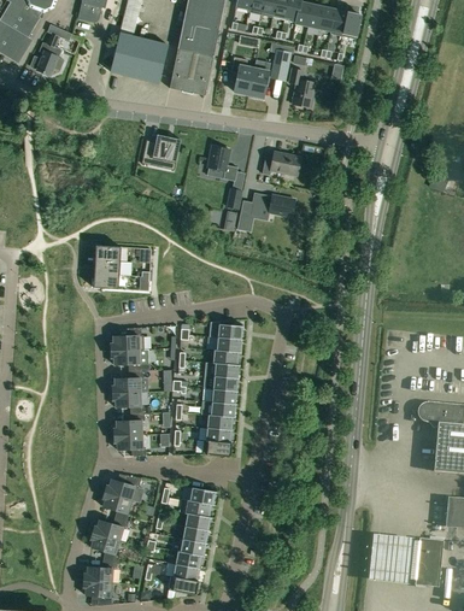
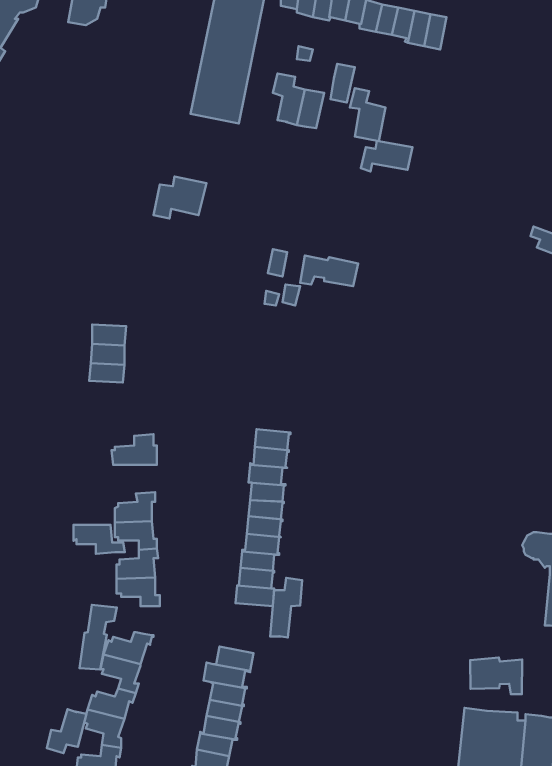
building: [36,24,64,75] -> none
building: [110,33,168,83] -> none
building: [207,146,237,181] -> none
building: [262,152,300,175] -> [361,141,412,171]
building: [111,349,149,371] -> [73,525,125,554]
building: none -> [270,578,302,638]
building: none -> [80,605,117,670]
building: none -> [470,657,522,694]
building: none -> [47,709,86,753]

